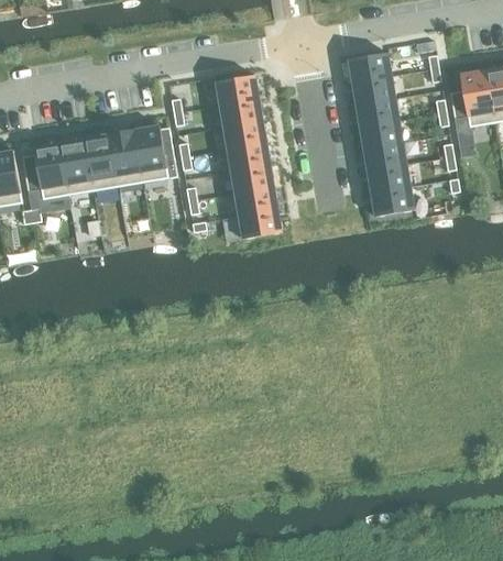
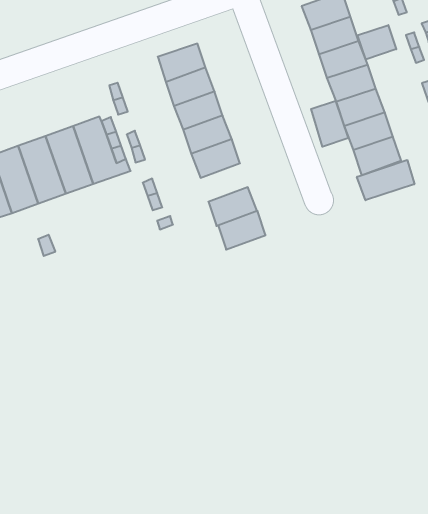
building: none -> [358,25,396,59]
building: none -> [311,101,348,147]
building: [236,187,275,216] -> [218,211,266,250]
building: none -> [357,160,414,200]

